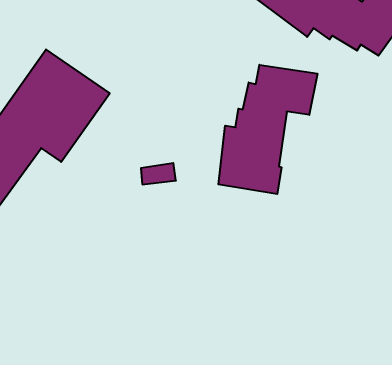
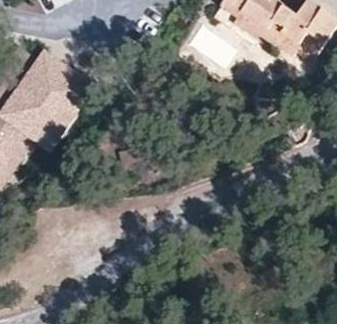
building: [218,65,317,194] -> none

